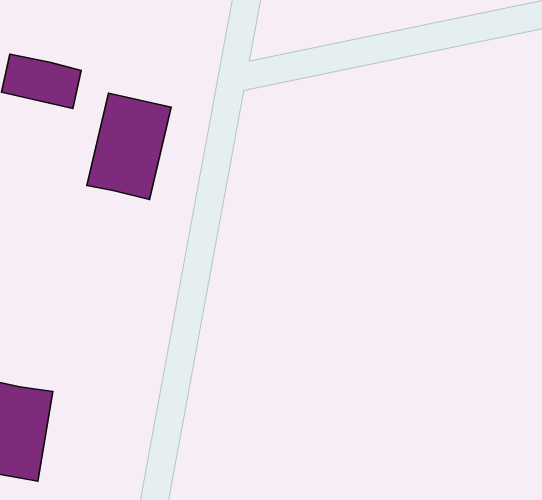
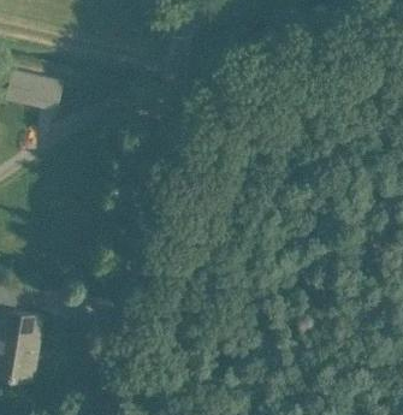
building: [87,93,171,200] -> none

